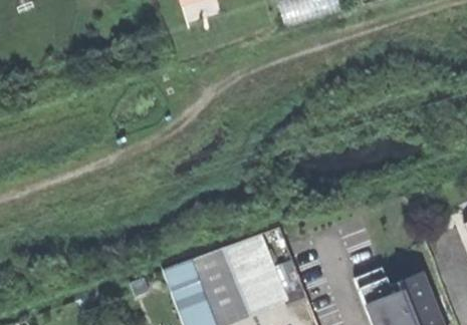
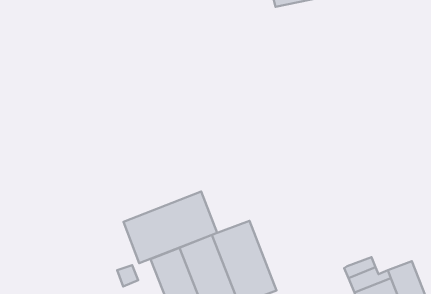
building: none -> [124,191,217,263]

